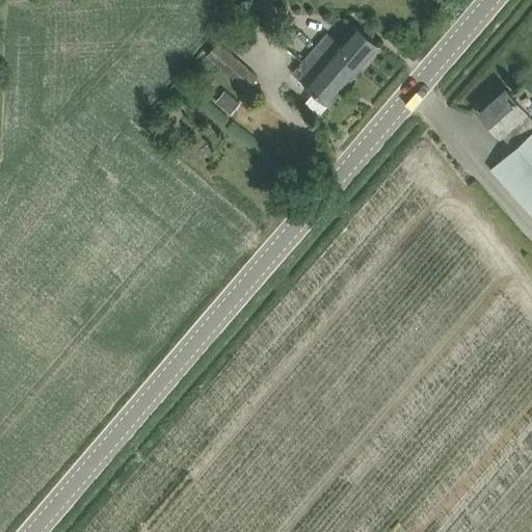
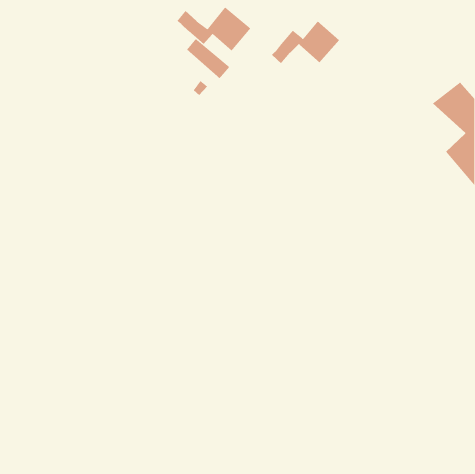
building: none -> [176,7,251,51]
building: [293,52,356,106] -> none

